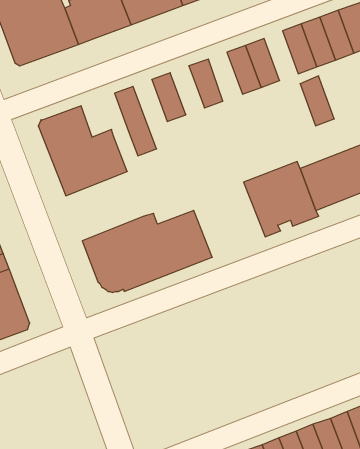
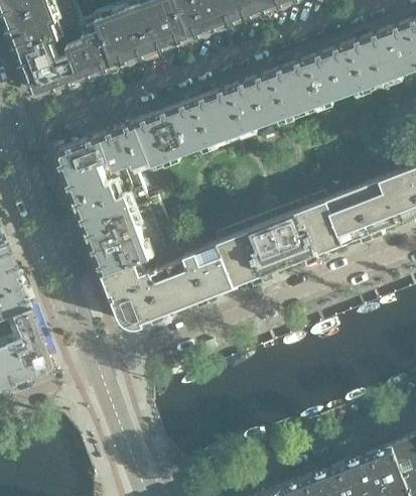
building: none -> [233,81,268,131]
building: none -> [193,95,229,145]
building: [300,76,334,126] -> [290,58,325,110]
building: none -> [155,109,190,159]
building: none -> [102,123,150,168]
building: none -> [86,204,166,275]
building: none -> [215,215,291,292]

